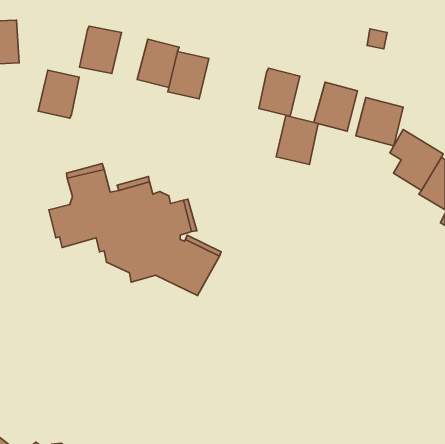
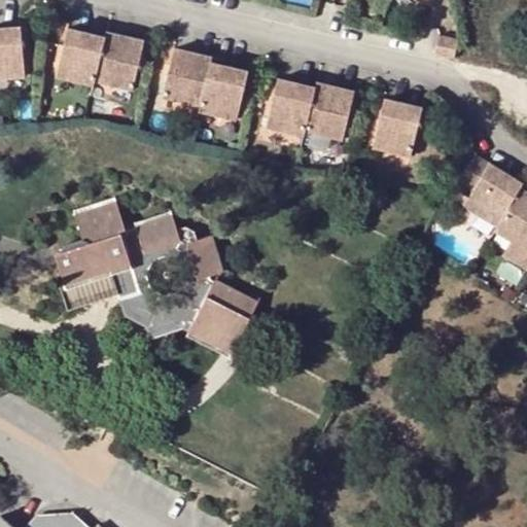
building: [38,70,79,118] -> [55,30,103,86]
building: [356,98,403,146] -> none
building: [276,116,318,165] -> [265,79,314,137]

